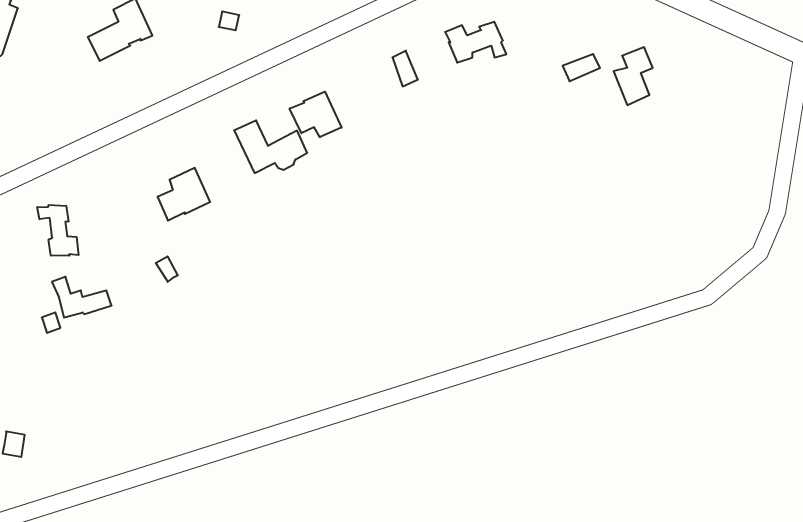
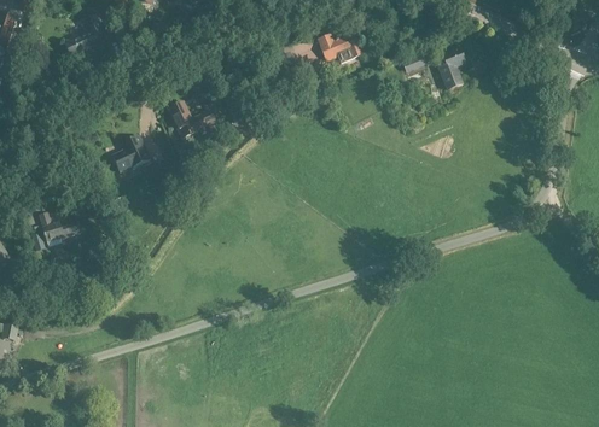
building: [290,92,342,137] -> none
building: [37,205,79,256] -> none

